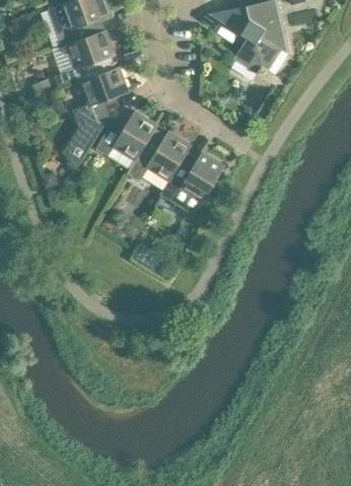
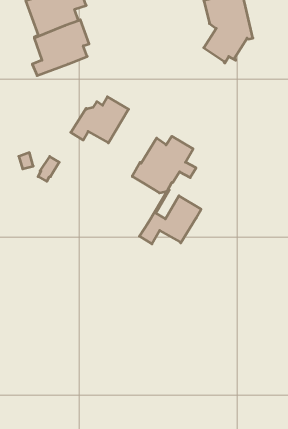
building: [60,64,129,166] -> none
building: [126,122,191,180] -> [139,189,201,244]

